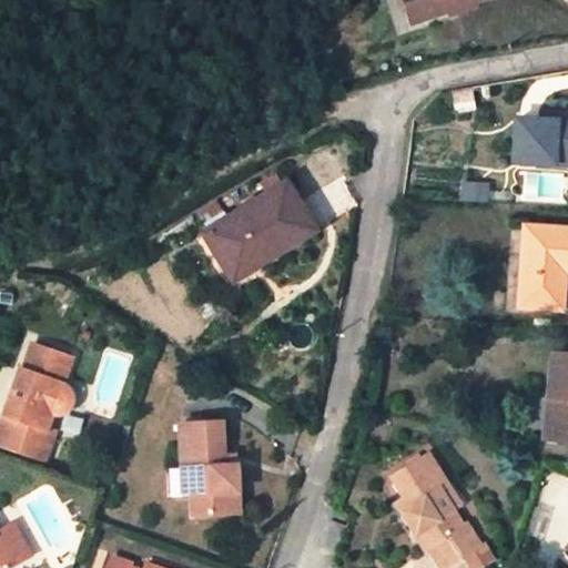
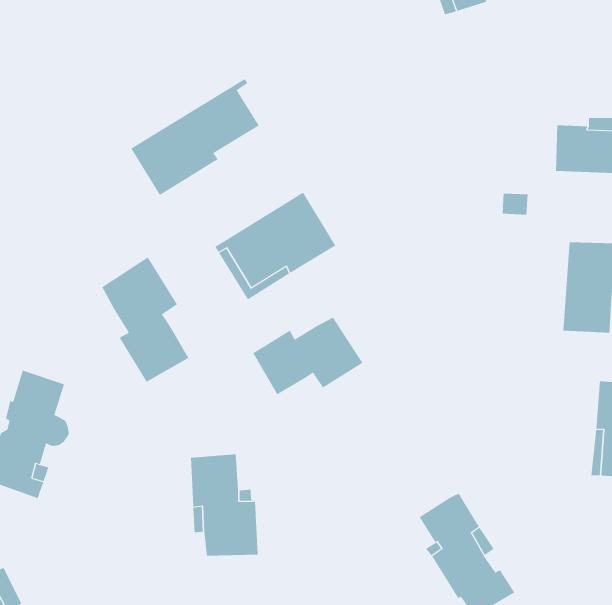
building: none -> [130,78,260,196]
building: none -> [101,256,189,383]
building: none -> [252,317,363,395]

